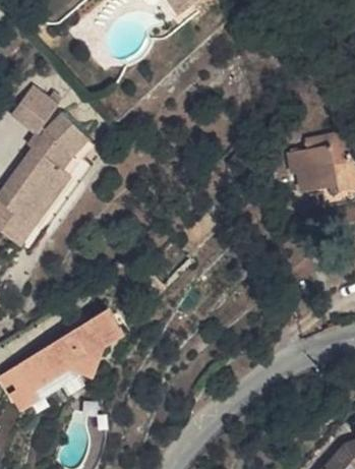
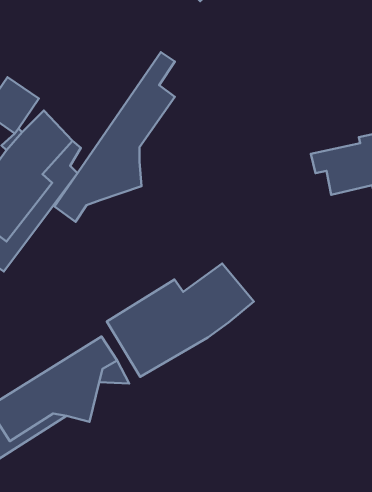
building: none -> [54,52,175,222]
building: none -> [107,263,254,377]

